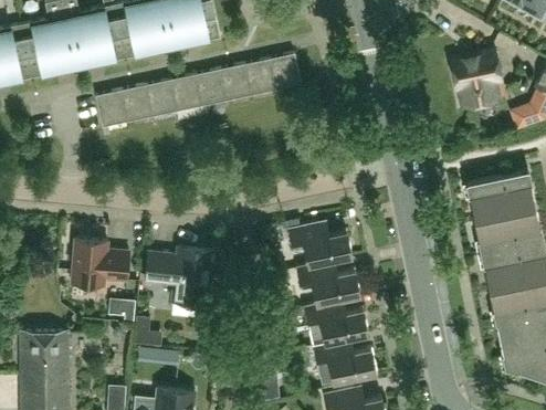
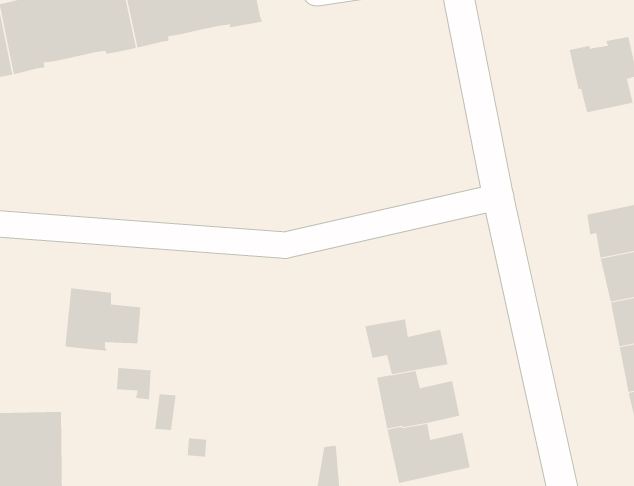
building: [95,54,301,127] -> none
building: [288,222,351,265] -> none
building: [145,249,212,305] -> none

